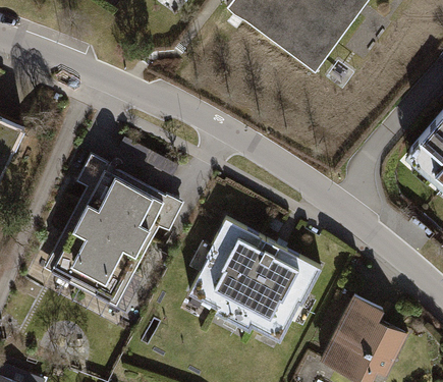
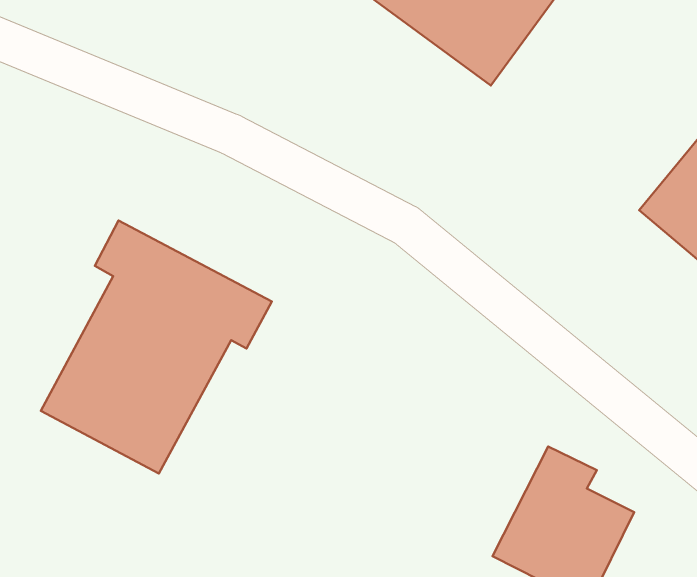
building: [186,217,317,337] -> none

